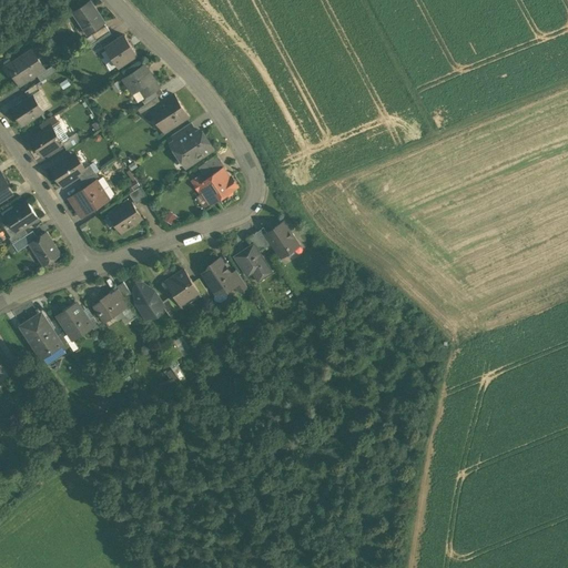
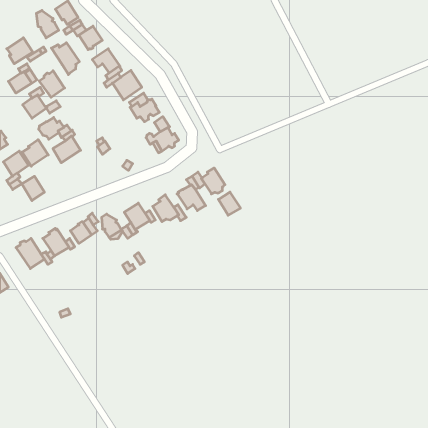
building: none -> [36,10,59,38]
building: none -> [51,43,79,75]
building: none -> [39,71,65,97]
building: none -> [22,140,48,166]
building: [108,202,141,234] -> none
building: none -> [218,192,240,215]

